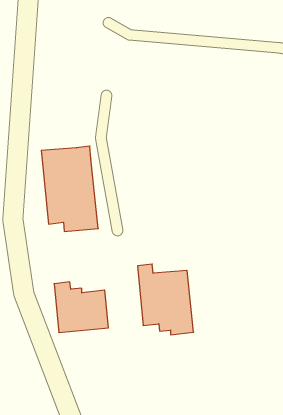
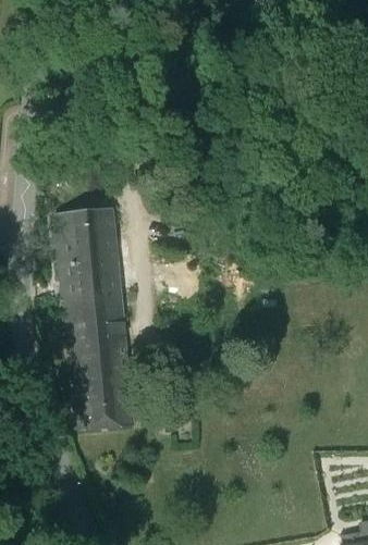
building: [138,264,194,335] -> [63,299,130,383]

